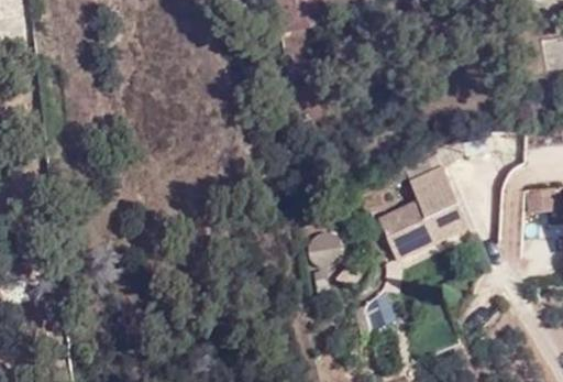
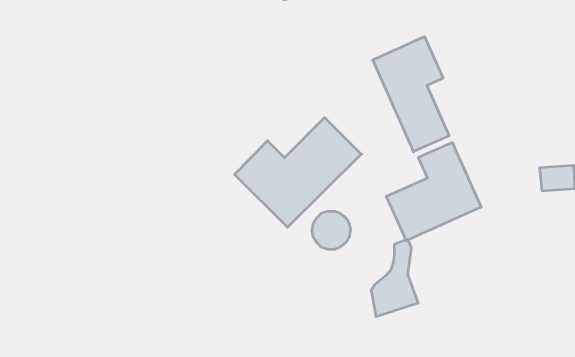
building: none -> [373,37,449,152]
building: none -> [235,118,362,227]

